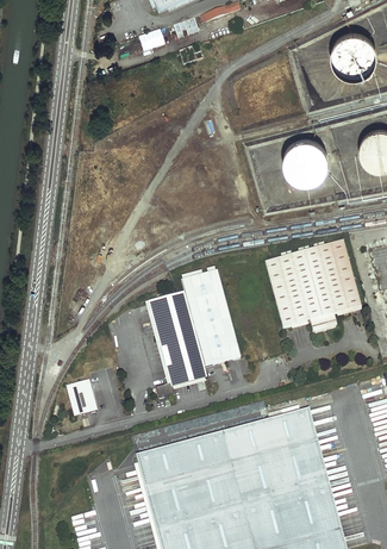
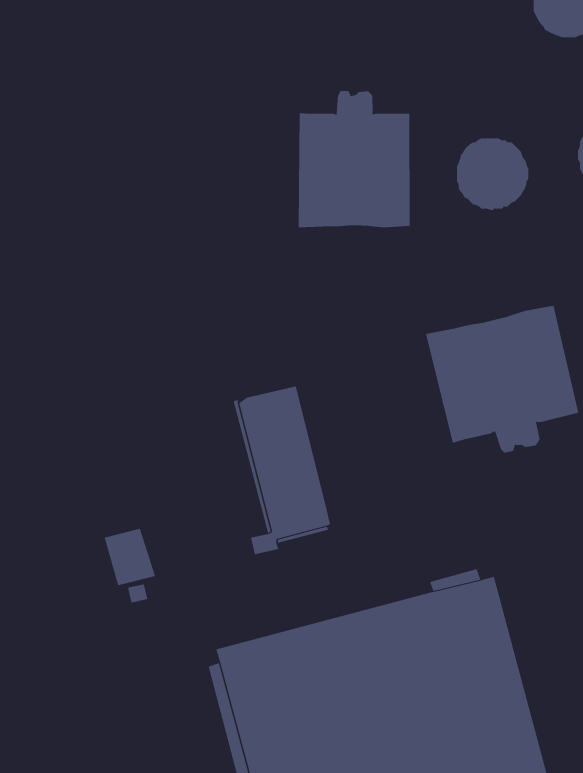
building: none -> [298,90,410,228]
building: [182,273,242,368] -> none

